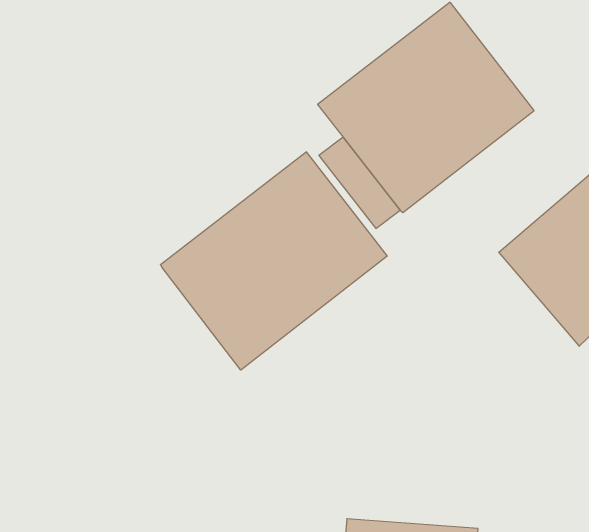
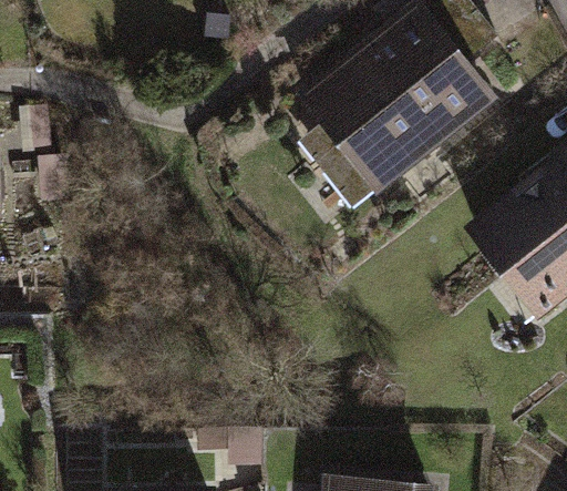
building: [160,152,387,370] -> none

